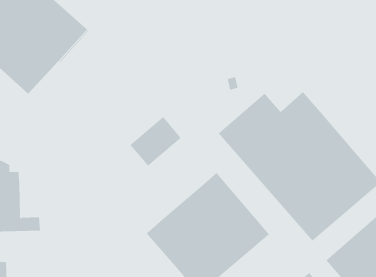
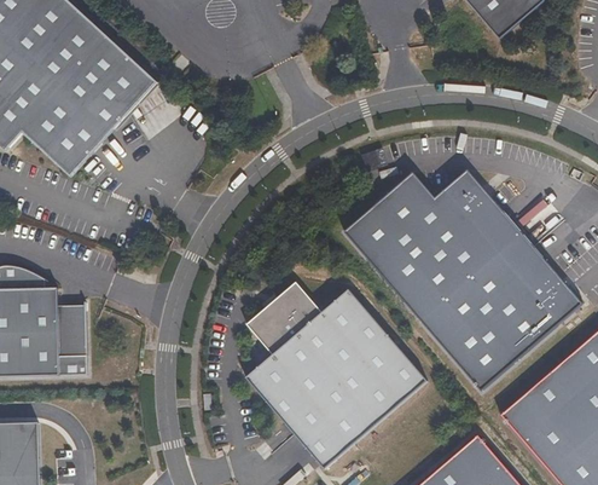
building: [129,116,182,167] -> [243,279,319,353]
building: none -> [58,304,87,354]

